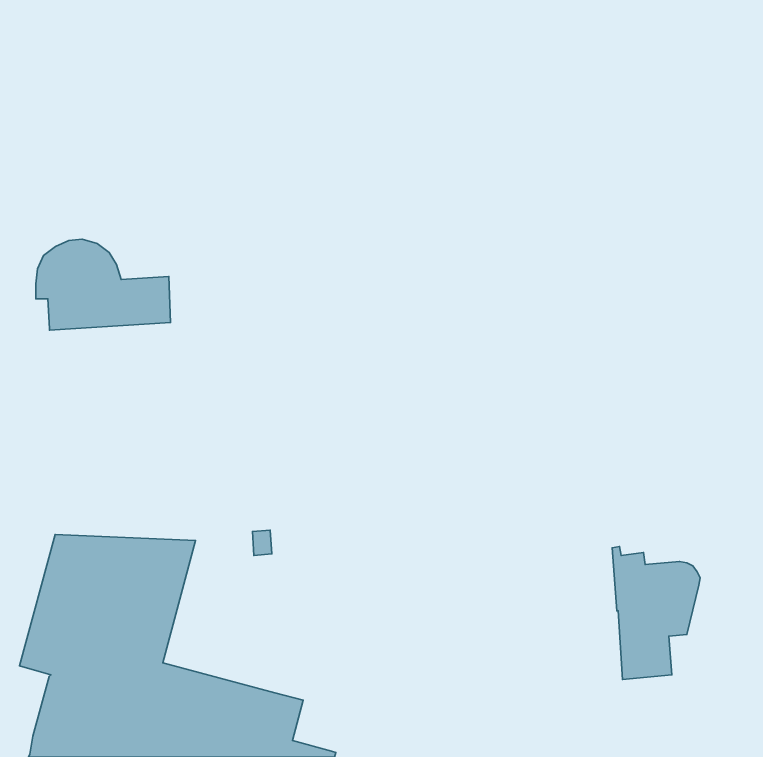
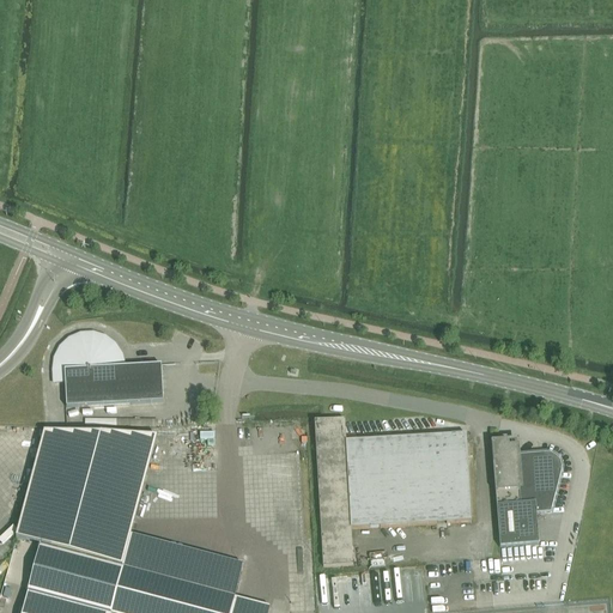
building: [36,239,170,330] -> [55,332,163,405]
building: none -> [314,417,472,564]

